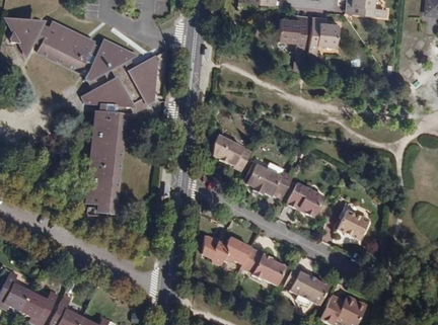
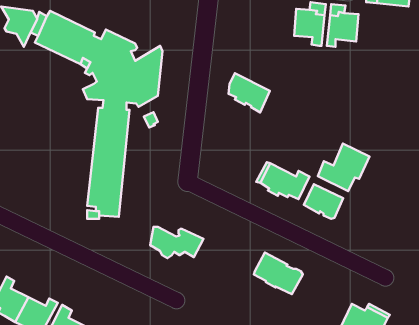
building: [213,135,251,171] -> [228,73,270,112]
building: none -> [318,144,369,191]
building: [338,210,371,240] -> none
building: [202,236,251,265] -> [150,227,203,258]
building: [285,266,331,306] -> none

